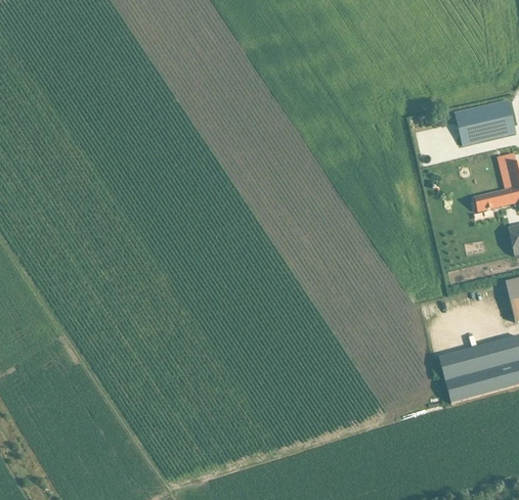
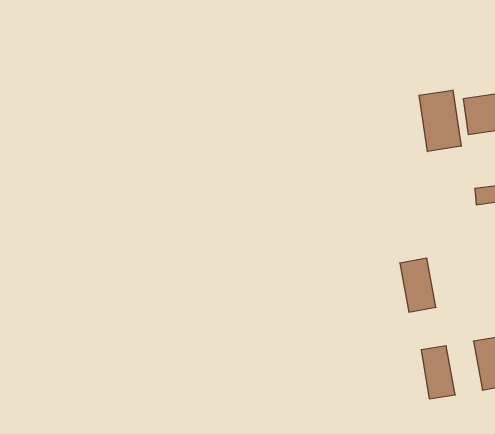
building: none -> [419,90,461,152]
building: [463,343,502,396] -> [400,258,436,312]

